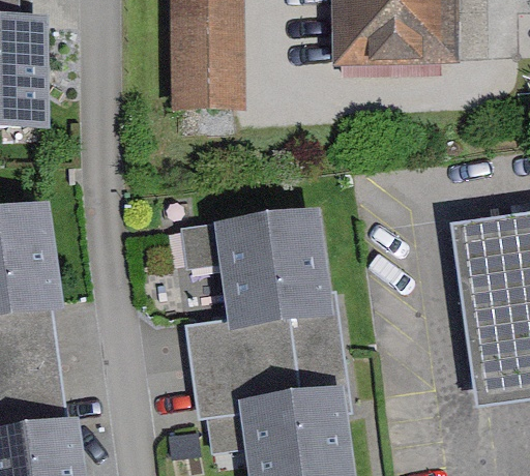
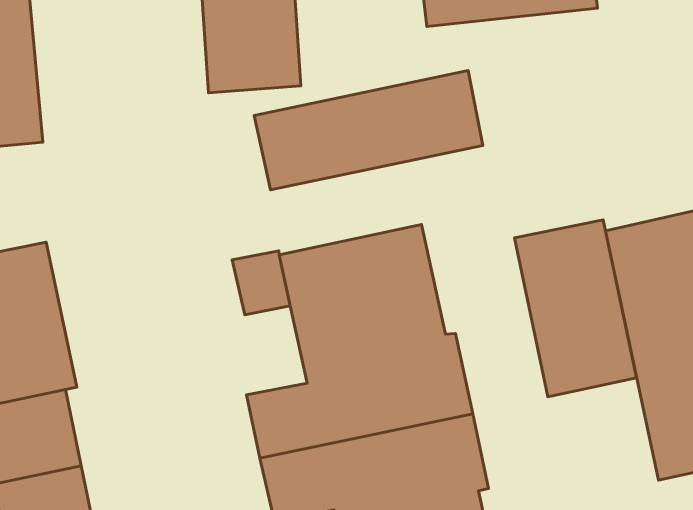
building: none -> [254,71,483,190]
building: none -> [514,220,636,397]

